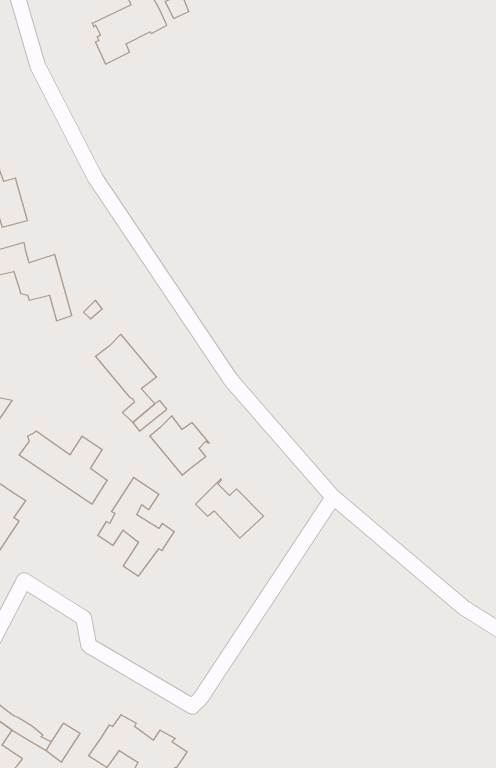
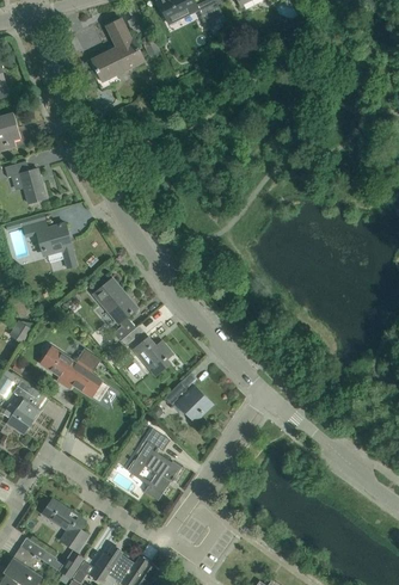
building: [98,477,174,576] -> [127,429,180,498]
building: none -> [42,498,87,552]

